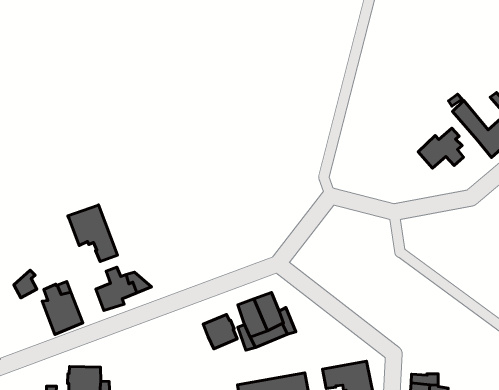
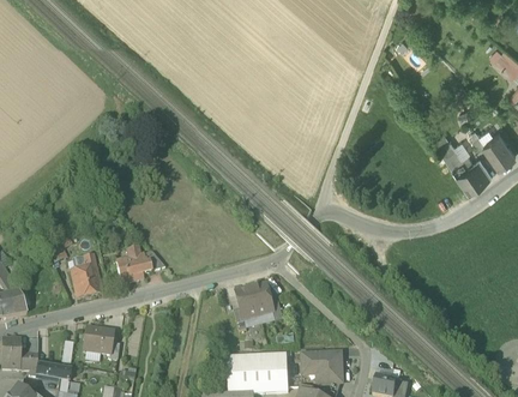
building: [418,128,464,168] -> none
building: [68,205,117,261] -> none
building: [203,314,237,349] -> none

